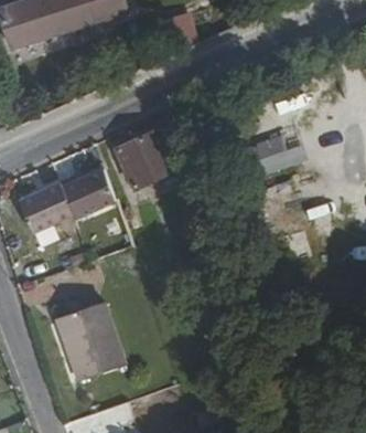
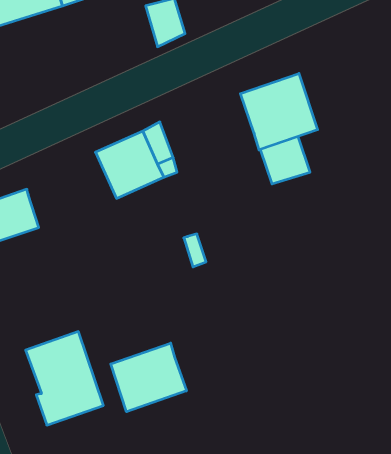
building: none -> [240,73,318,150]
building: [60,168,112,212] -> none
building: none -> [111,343,186,412]

